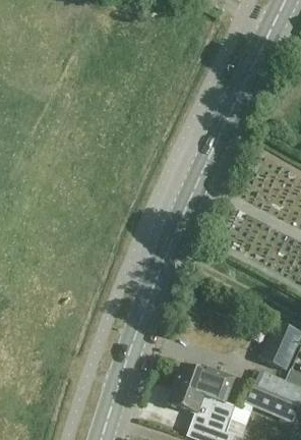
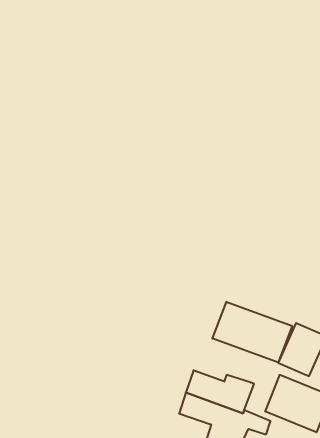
building: none -> [212,302,292,363]

